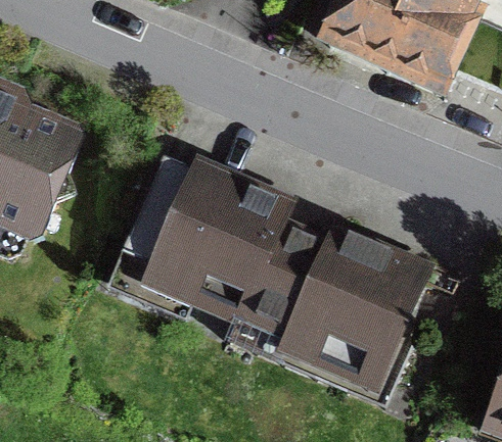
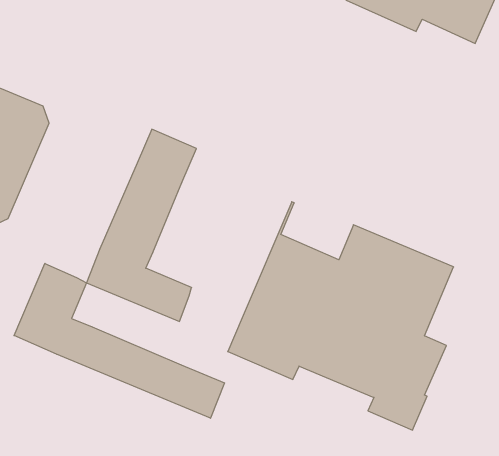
building: [159,165,286,308] -> none
building: none -> [14,263,224,418]

